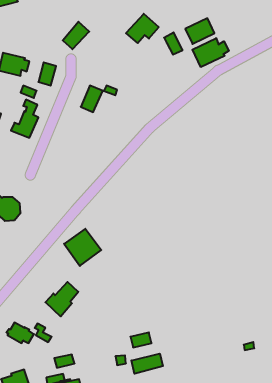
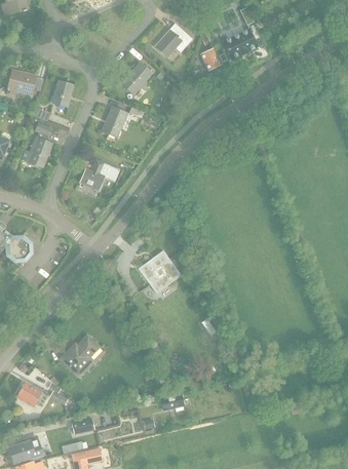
building: [63,22,89,49] -> [120,62,151,93]
building: [192,38,229,67] -> none
building: none -> [79,160,106,190]
building: [64,229,101,266] -> [137,250,180,294]
building: [131,354,163,374] -> none

